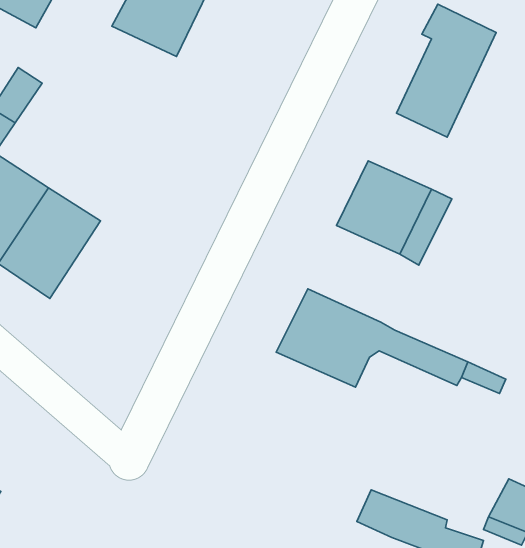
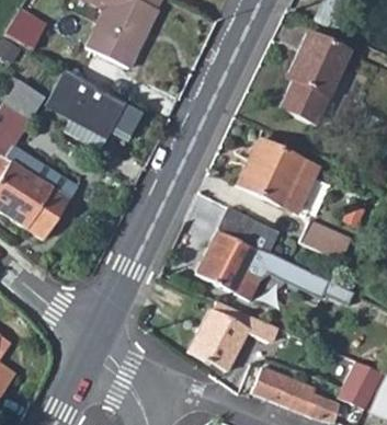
building: none -> [44,67,144,136]
building: none -> [221,208,283,253]
building: none -> [303,219,354,261]
building: none -> [192,300,277,370]

